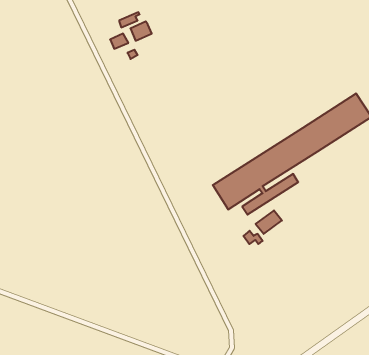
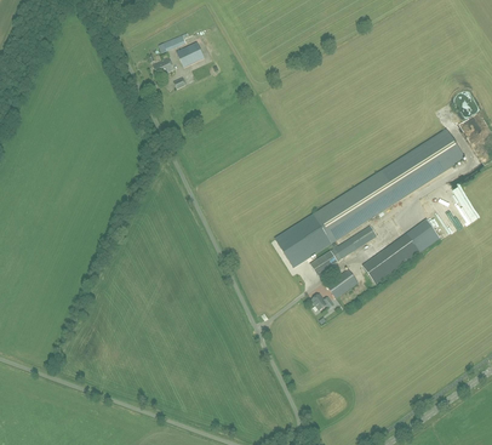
building: none -> [362,218,440,284]

